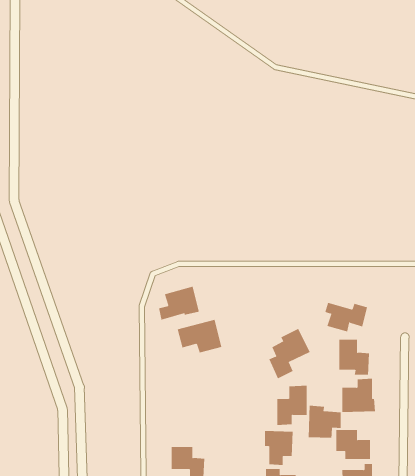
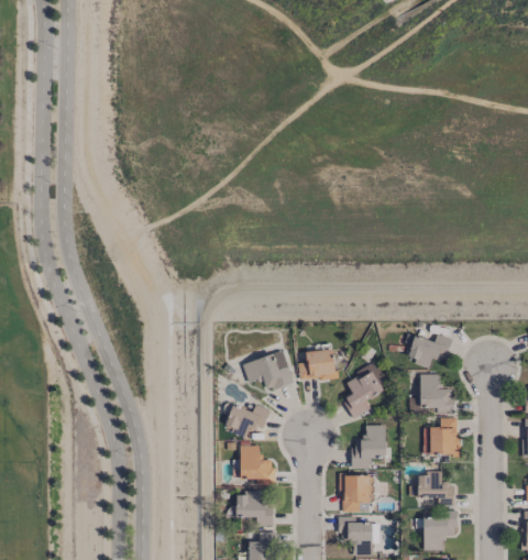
building: [159,286,200,320] -> none
building: none -> [298,349,337,382]
building: none -> [224,404,271,437]
building: none -> [240,446,275,485]
building: [308,405,341,438] -> none

